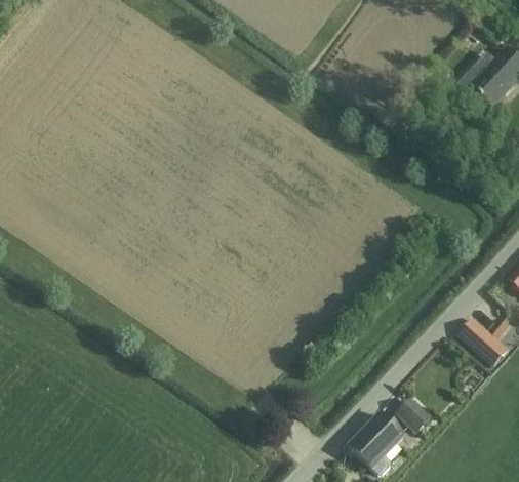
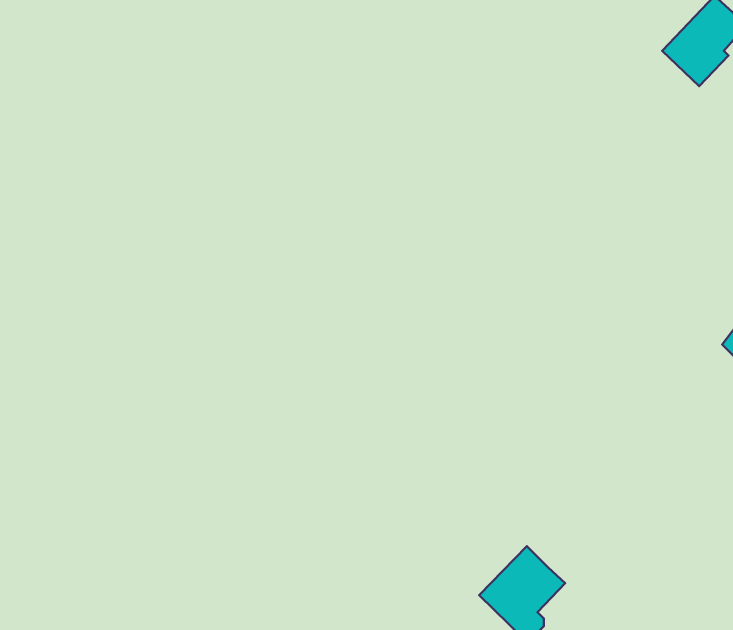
building: [460,318,506,364] -> none
building: [396,398,429,431] -> none

